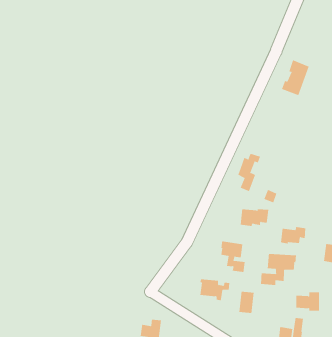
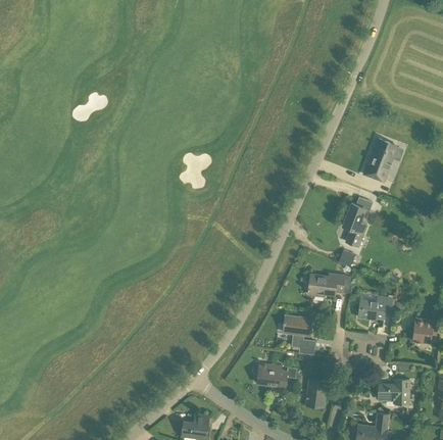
building: [281,59,309,96] -> [361,137,397,183]
building: [237,153,261,192] -> [342,197,372,246]
building: [260,253,297,286] -> none

